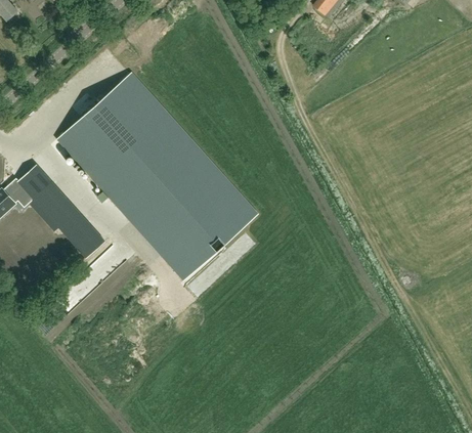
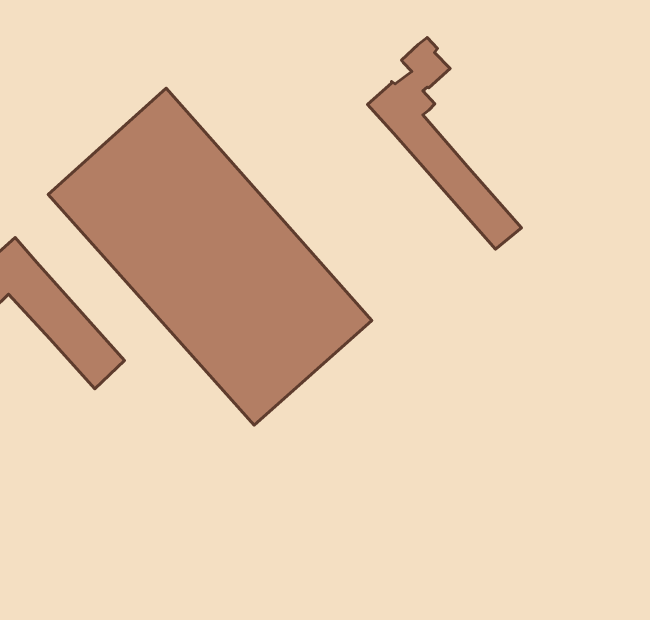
building: none -> [368,37,521,249]

